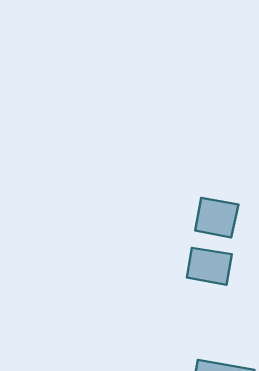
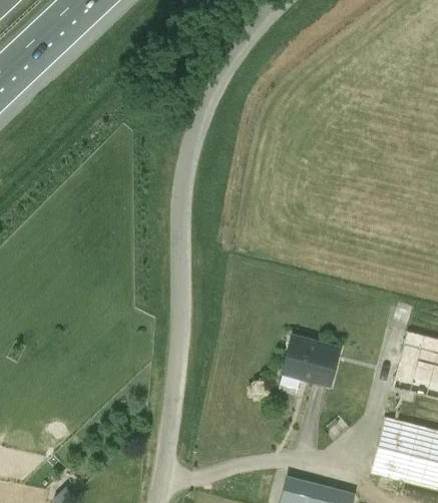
building: [195,198,238,238] -> none

